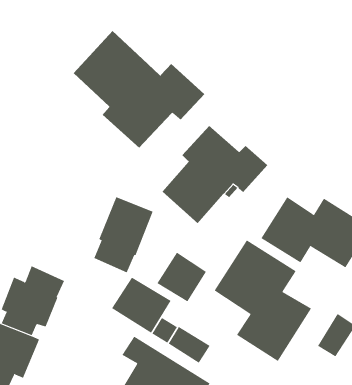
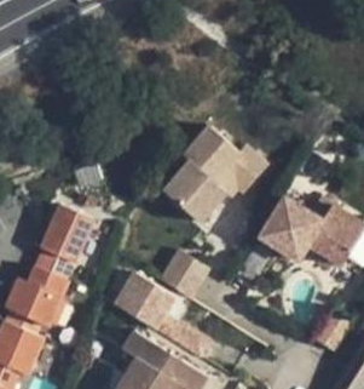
building: [73,30,205,148] -> none
building: [93,197,154,273] -> [37,204,96,278]
building: [214,239,312,362] -> none

